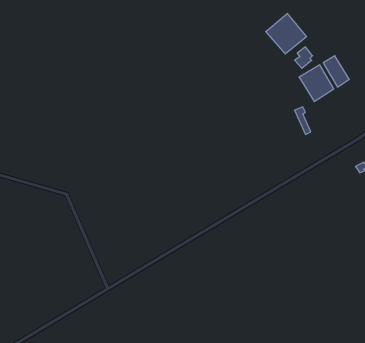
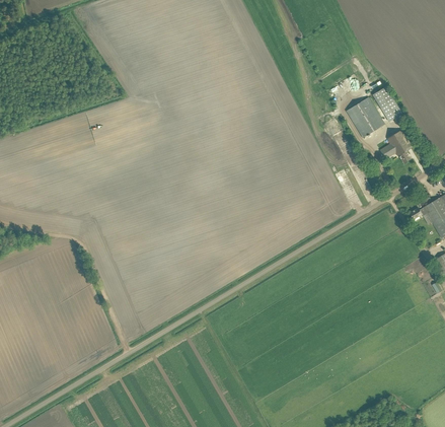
building: [266,13,306,54] -> none
building: none -> [379,129,412,162]

